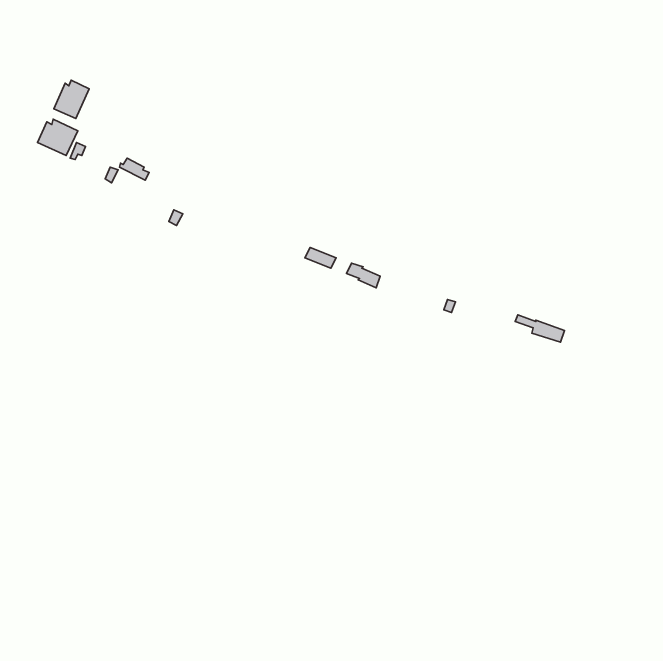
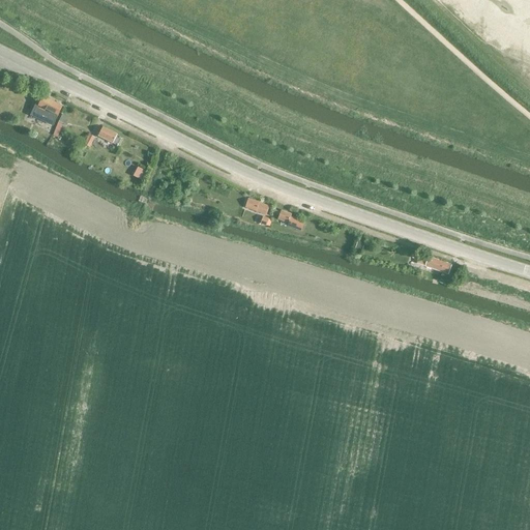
building: [54,80,89,118] -> none

